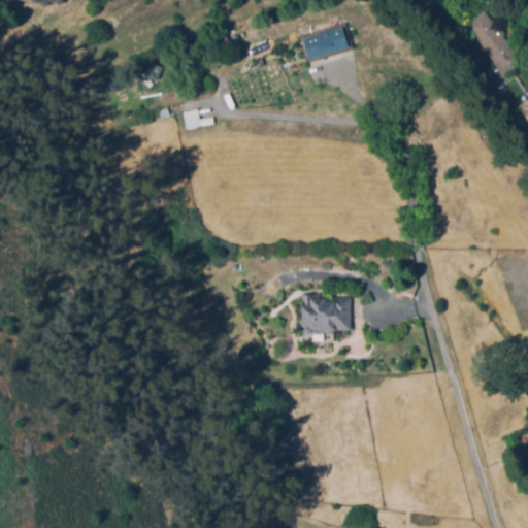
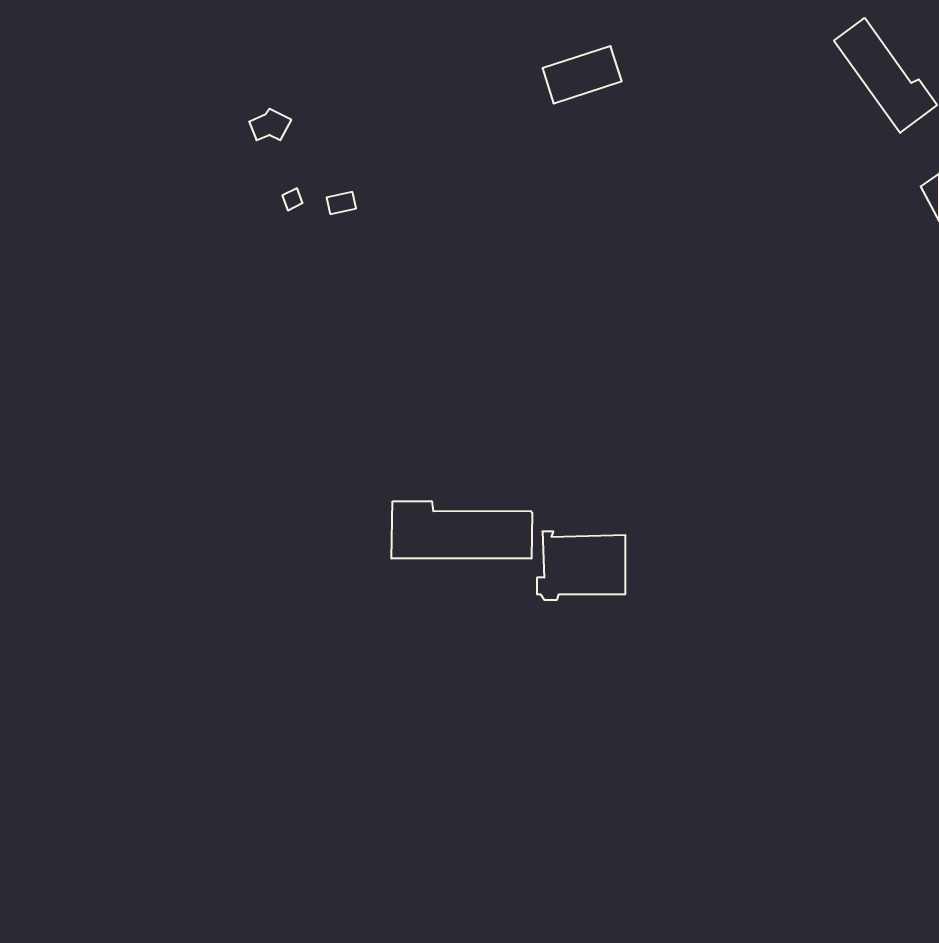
building: none -> [392,501,532,559]

